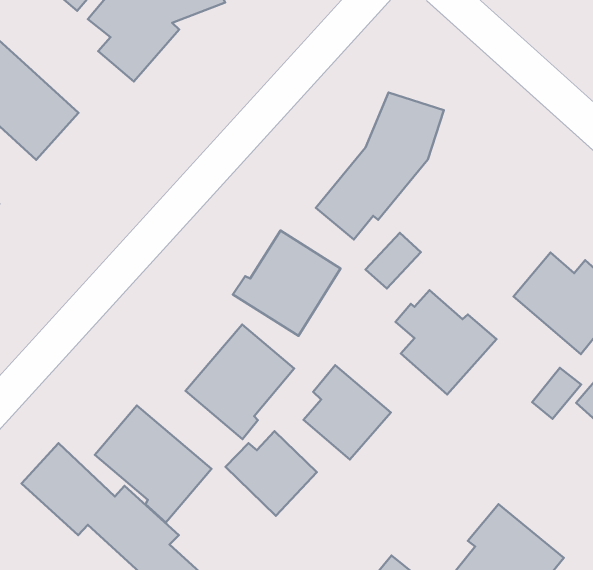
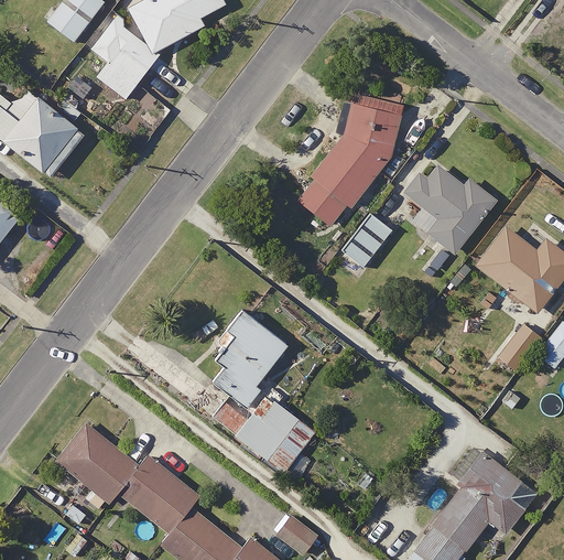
building: [233,231,341,336] -> none
building: [396,290,496,395] -> [405,163,495,254]
building: [303,365,391,459] -> none
building: [95,406,212,522] -> none

